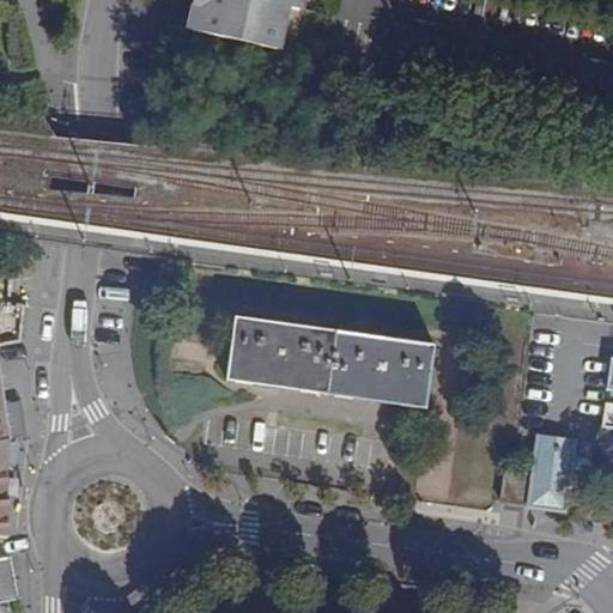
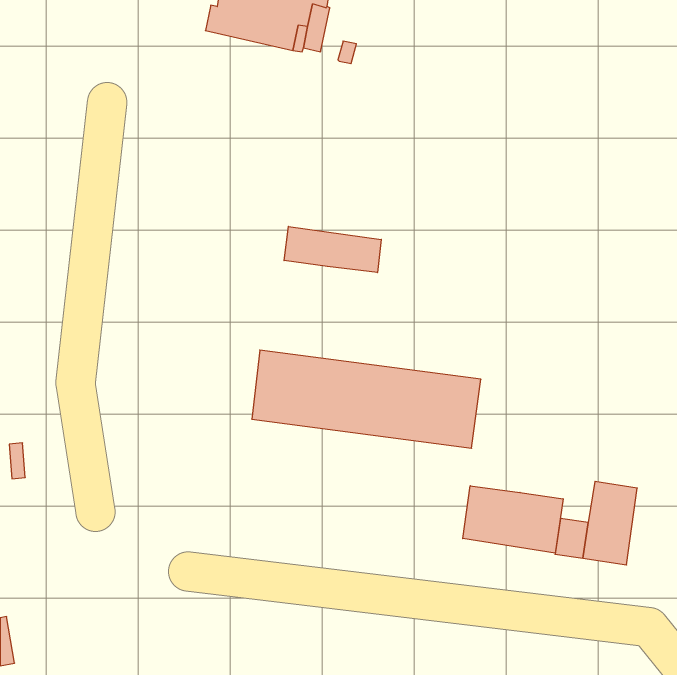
building: none -> [284,226,381,273]
building: none -> [463,486,563,553]

